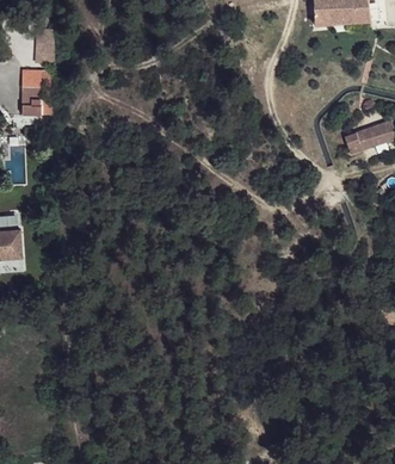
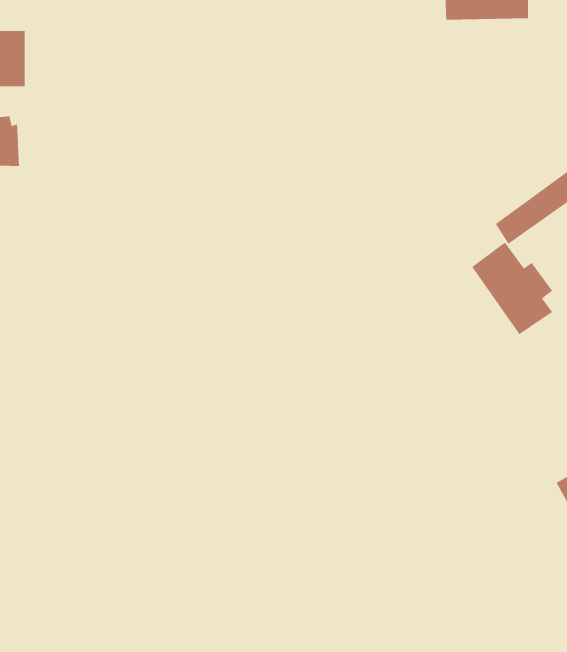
building: none -> [471,241,553,335]

